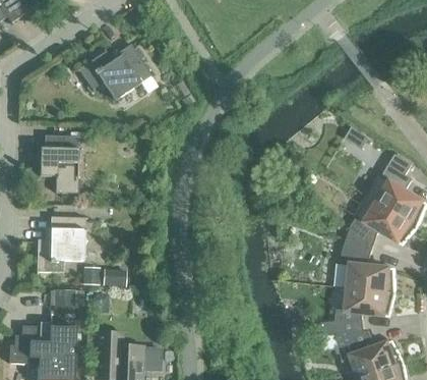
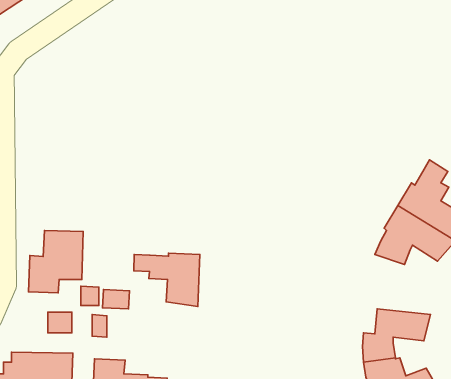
building: [76,43,151,100] -> none
building: [39,134,78,193] -> none
building: none -> [134,253,200,306]
building: [341,237,395,291] -> none

